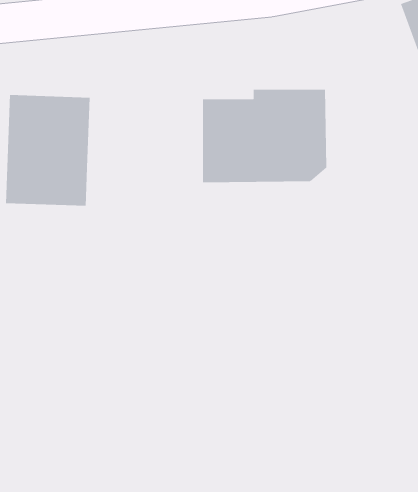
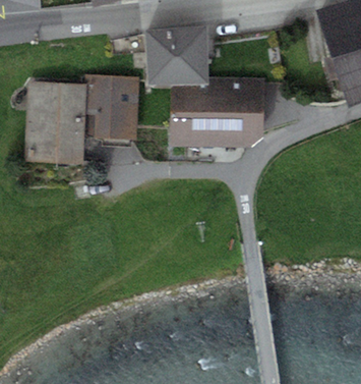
building: none -> [145,24,208,84]
building: none -> [86,73,139,136]

